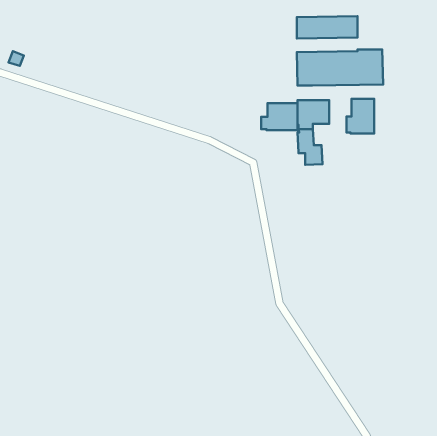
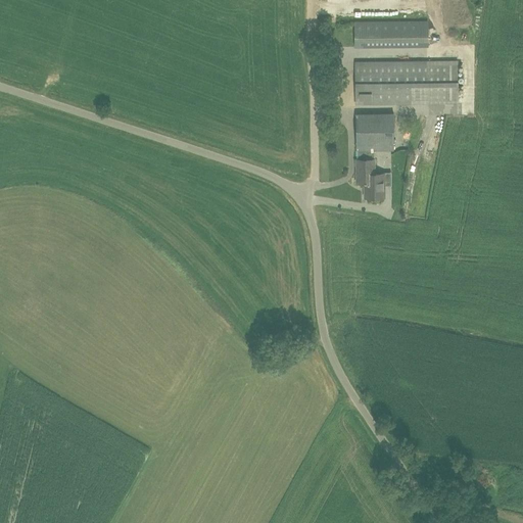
building: [347,99,374,133] -> none
building: [261,103,298,130] -> none

